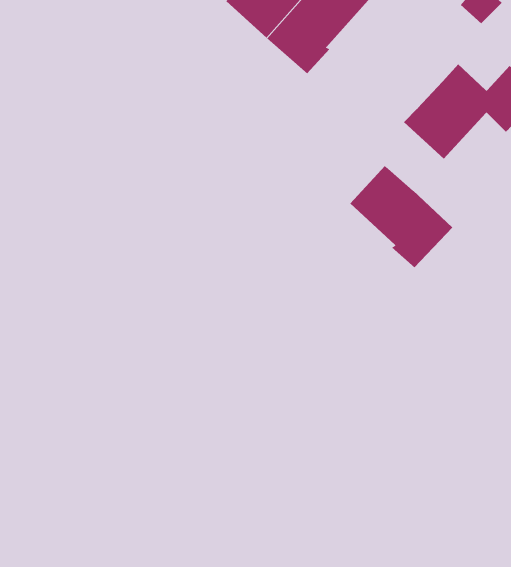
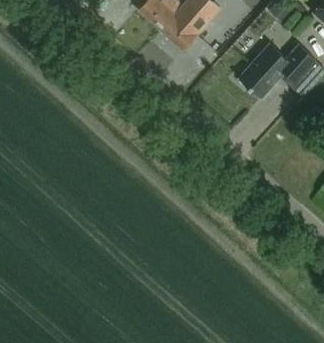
building: [350,165,453,268] -> none

